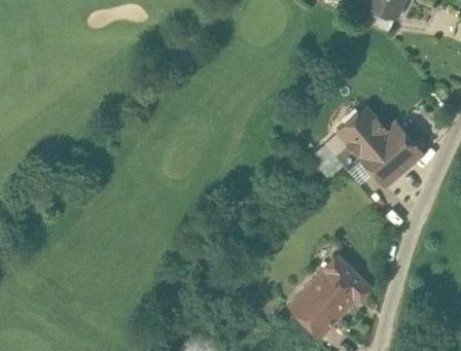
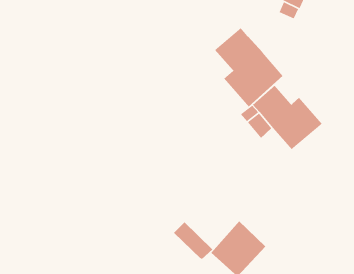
building: none -> [214,27,284,108]
building: [324,254,371,300] -> [173,222,213,260]

